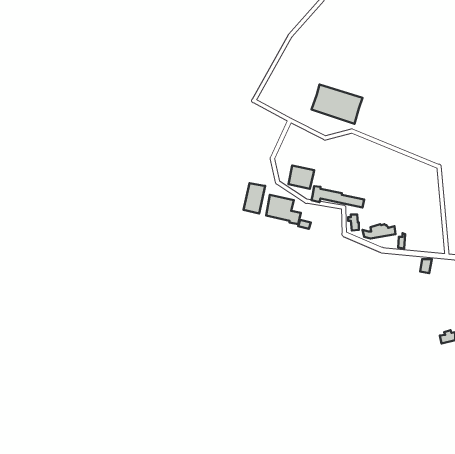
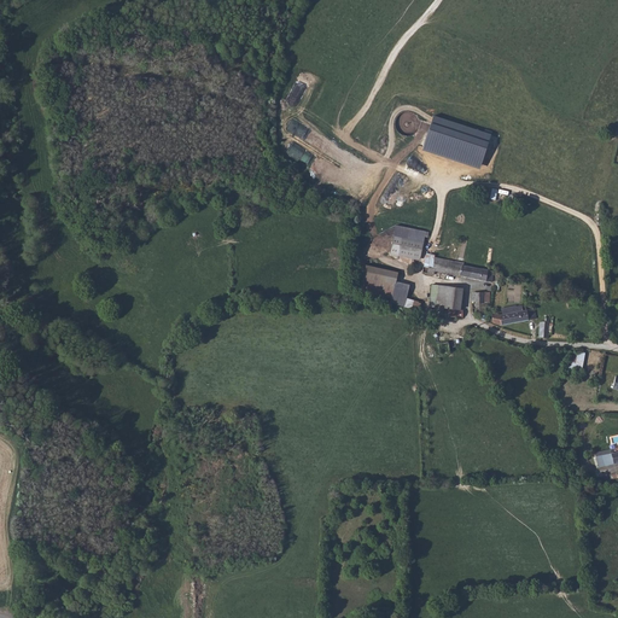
building: [244,183,265,213] -> none
building: none -> [430,284,464,316]

